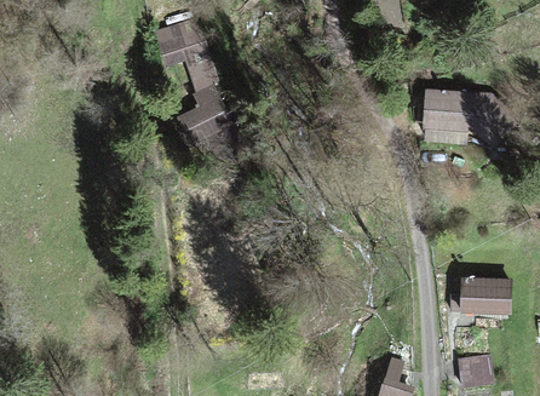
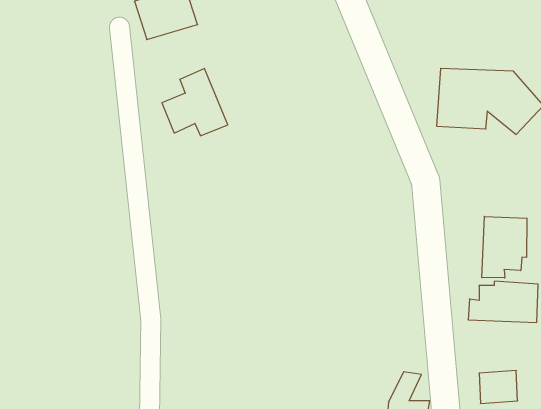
building: none -> [482,216,527,278]

